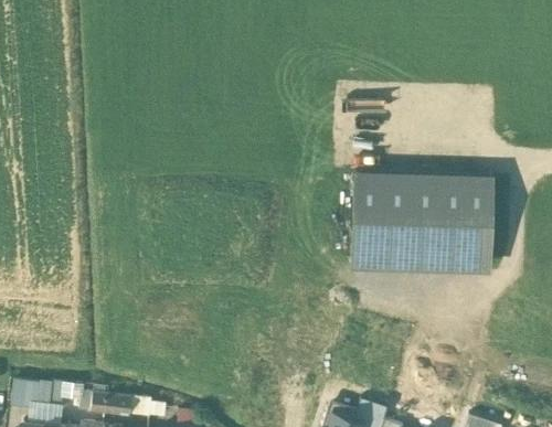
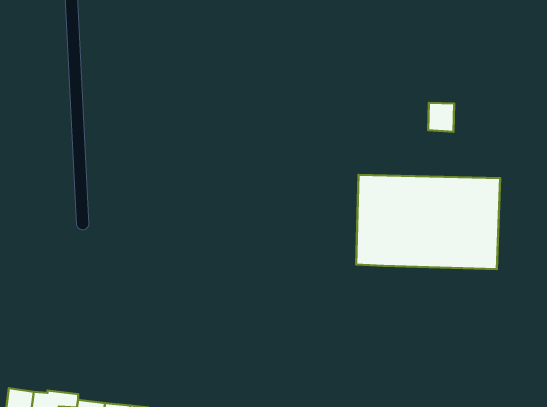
building: none -> [428,103,454,132]

